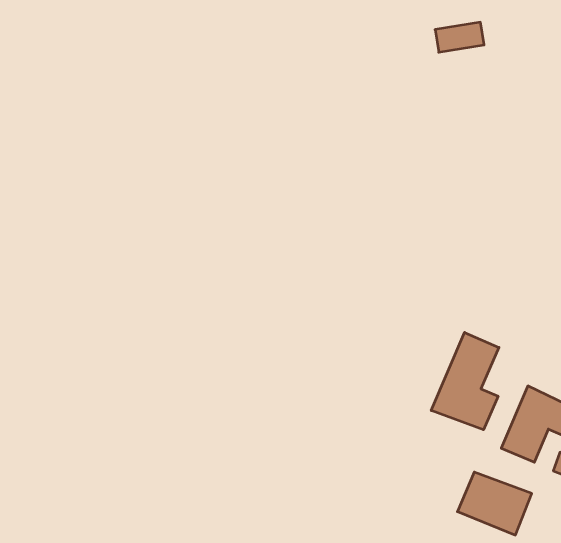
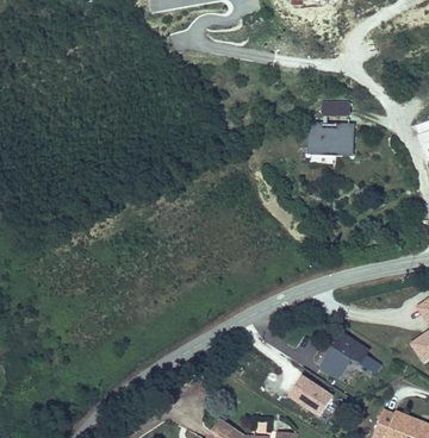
building: none -> [307,120,354,154]
building: [431,332,499,430] -> none

